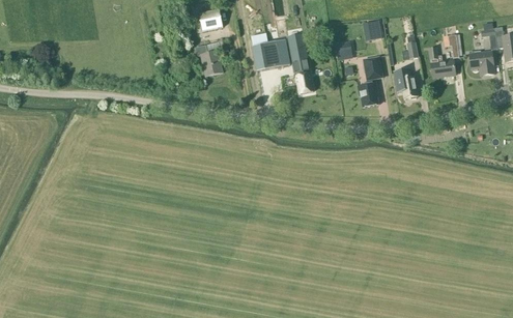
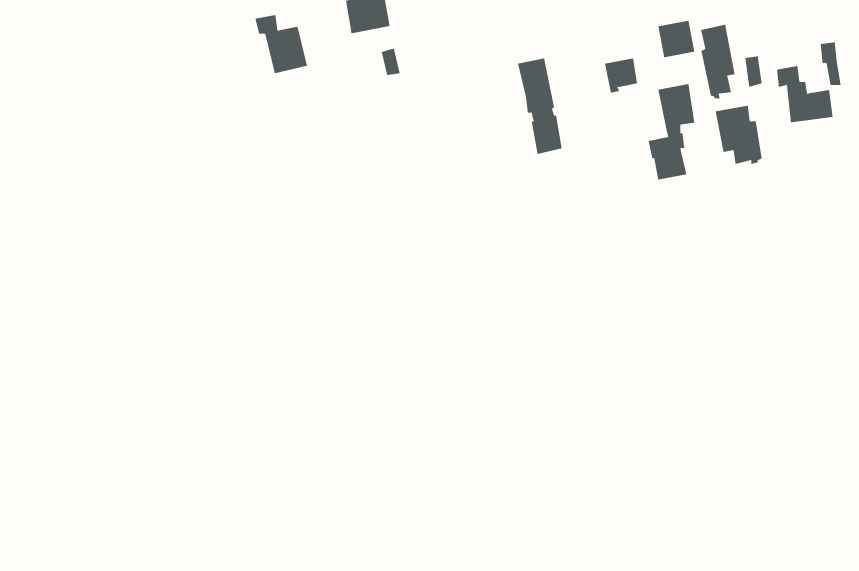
building: none -> [700,24,735,99]
building: [252,39,289,70] -> none
building: [195,45,223,76] -> [254,14,308,74]

